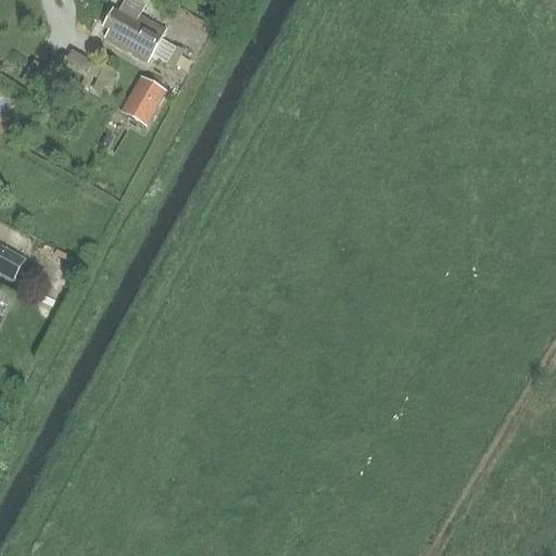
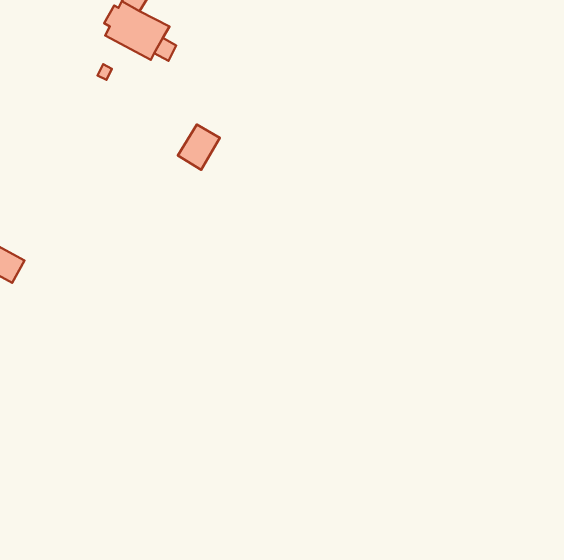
building: [122,80,163,125] -> [178,124,220,170]

